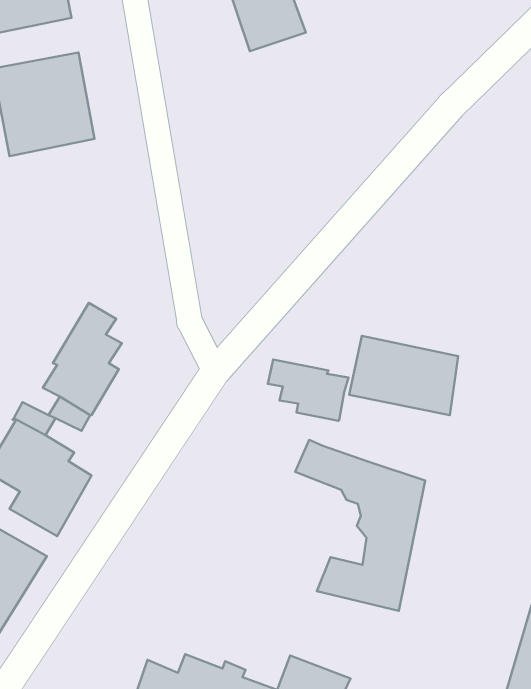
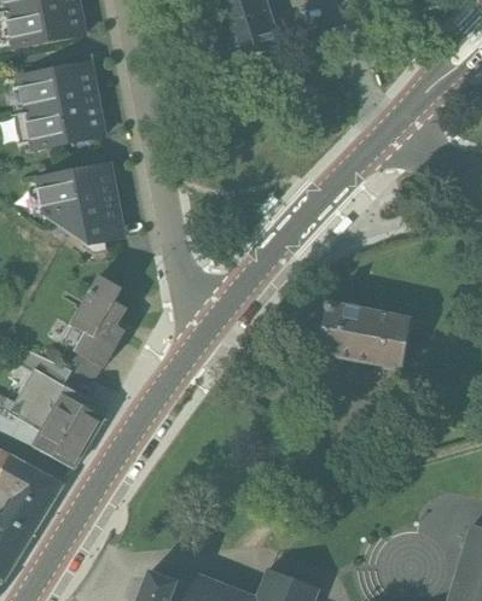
building: none -> [39,164,123,244]
building: [268,359,348,421] -> none
building: [295,440,425,611] -> none

